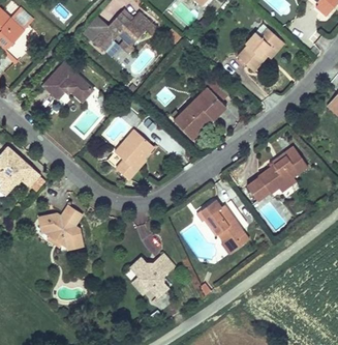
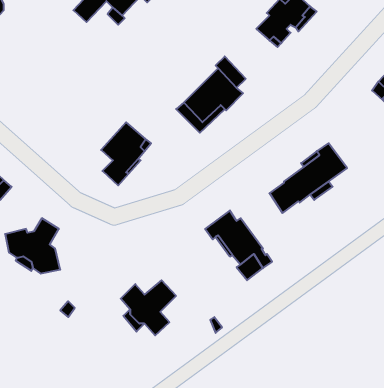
building: [43,62,93,102] -> none

